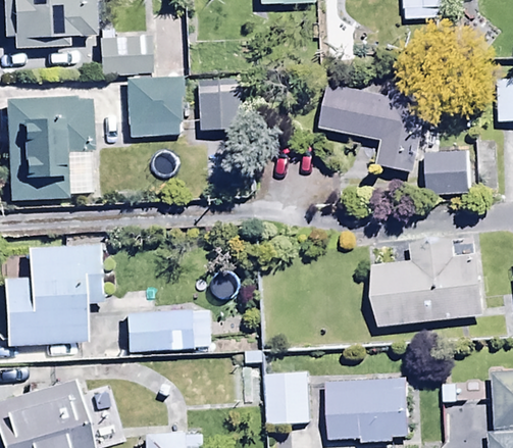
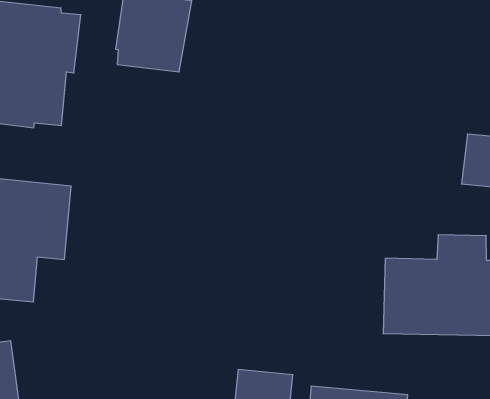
building: [200,80,247,130] -> none
building: [320,82,428,172] -> none
building: [124,309,212,349] -> none

